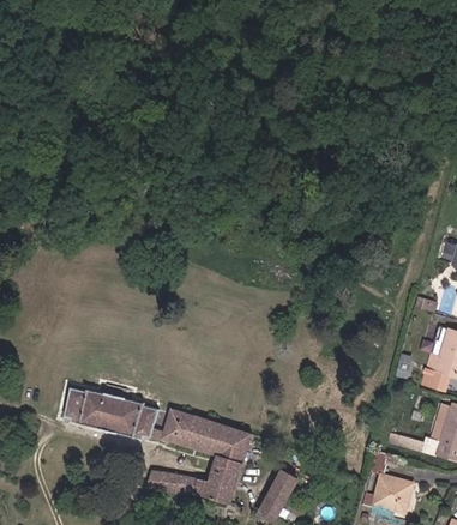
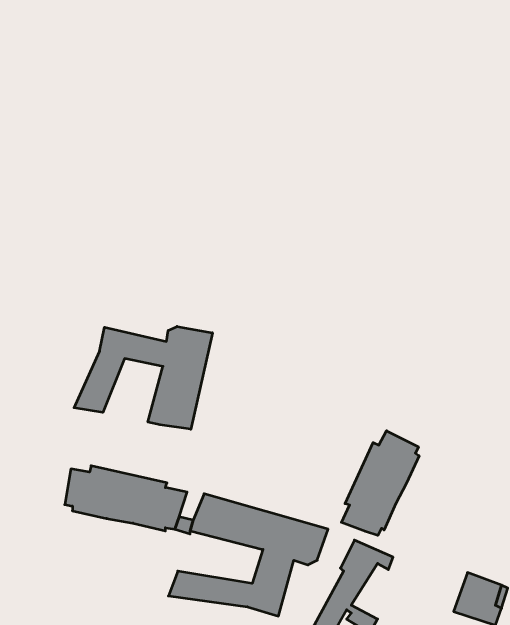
building: none -> [74,326,212,429]
building: none -> [341,431,419,535]

